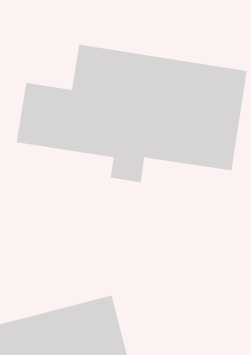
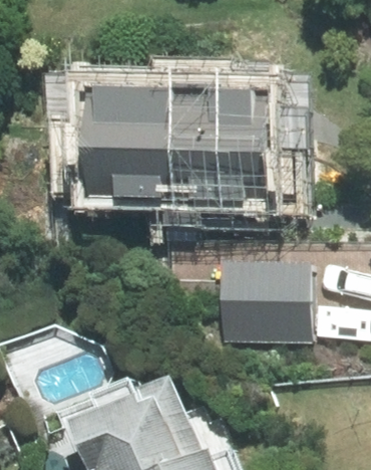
building: none -> [224,266,305,341]

